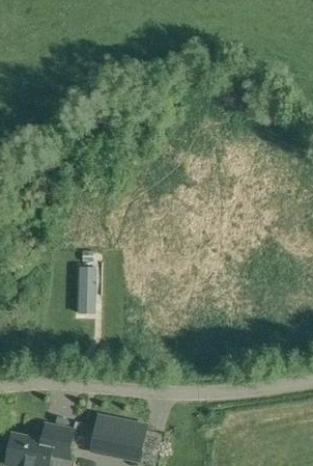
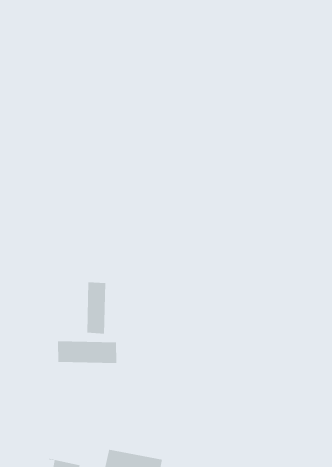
building: none -> [58,341,117,364]

